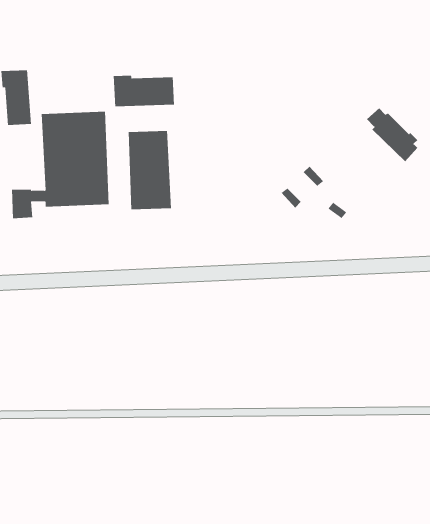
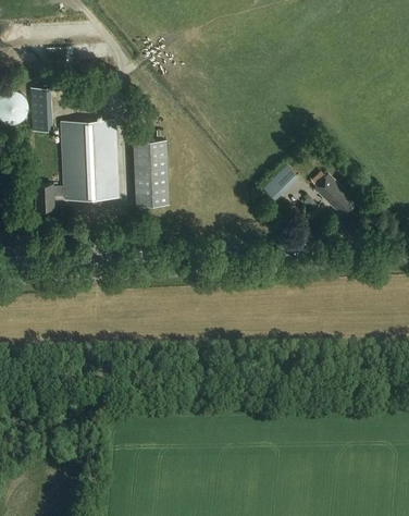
building: [113,75,175,107] -> none
building: [366,108,418,162] -> [310,172,354,218]

